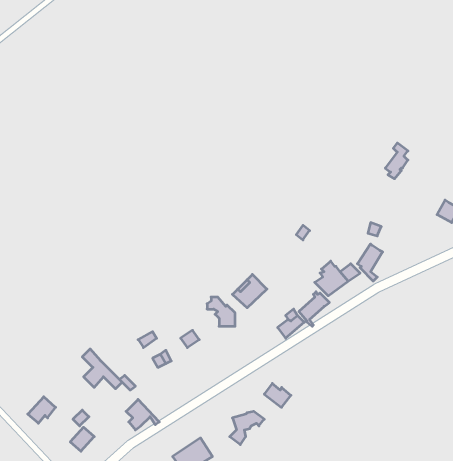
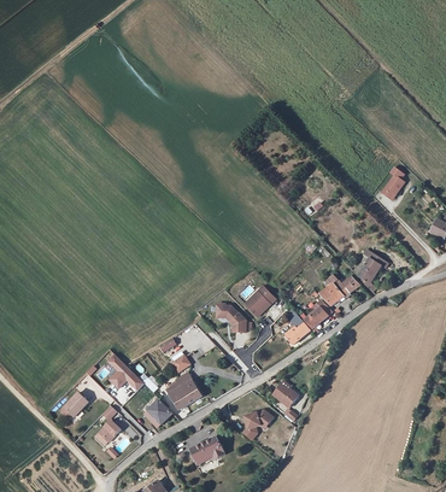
building: none -> [165,371,200,409]

